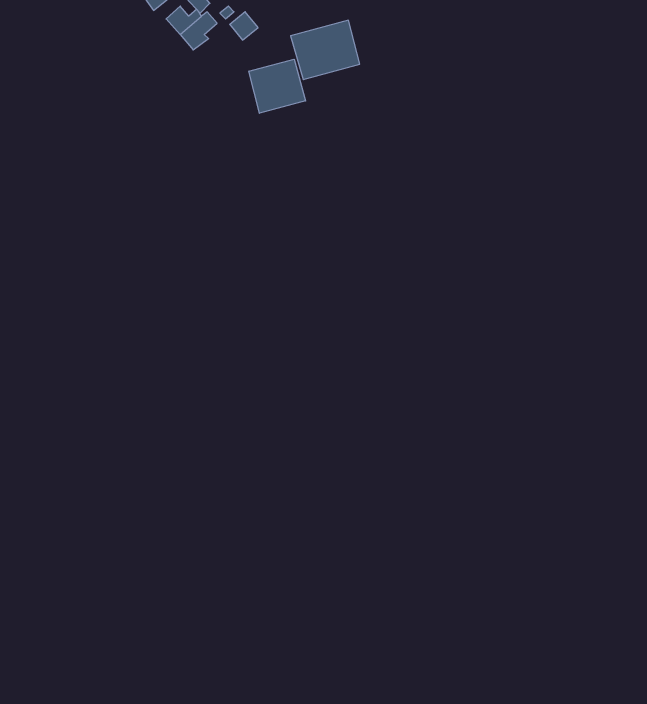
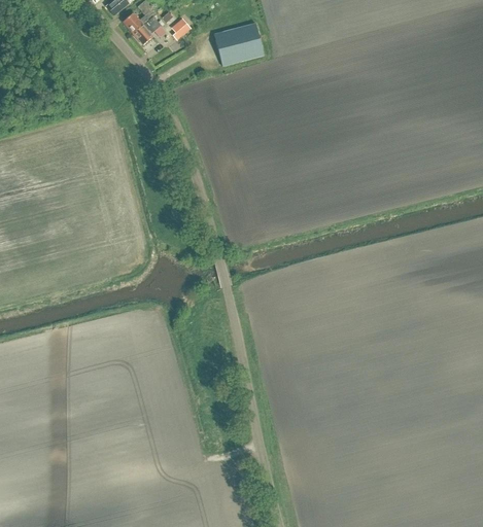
building: [249,59,306,113] -> none

